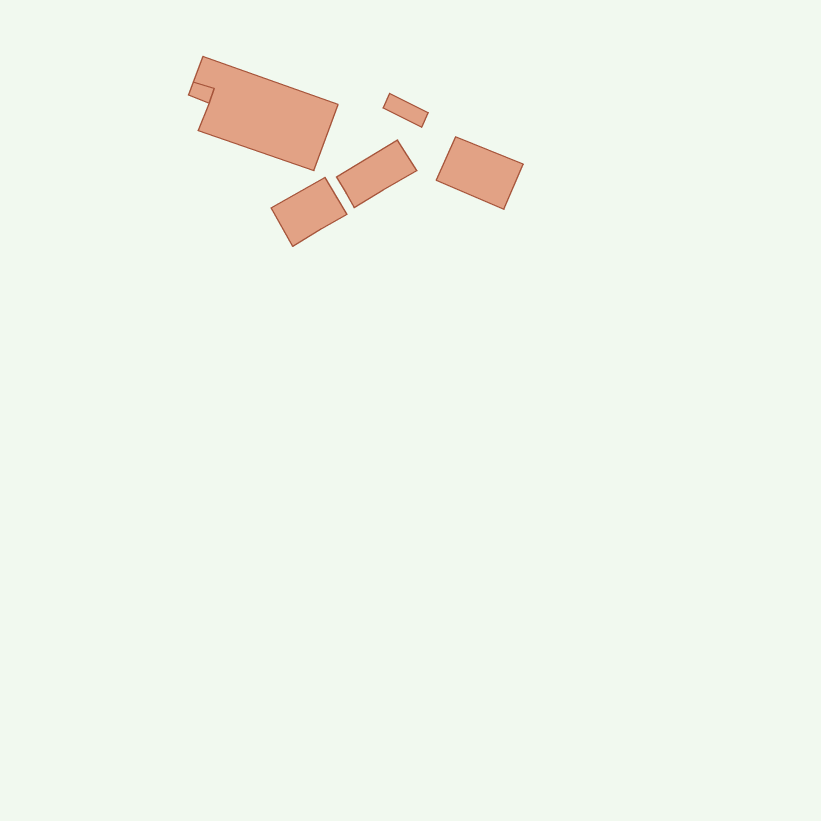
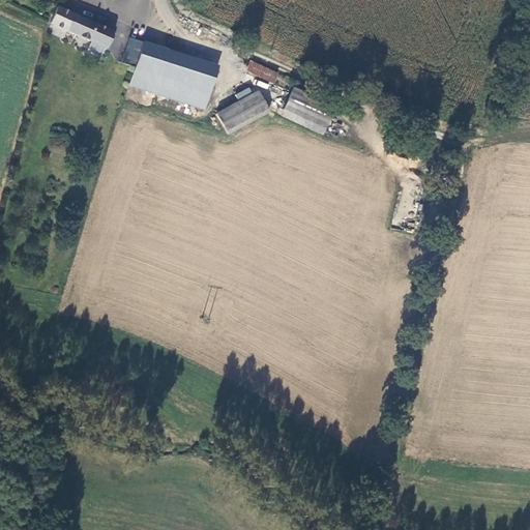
building: none -> [52,6,116,47]
building: [271,177,347,246] -> none

